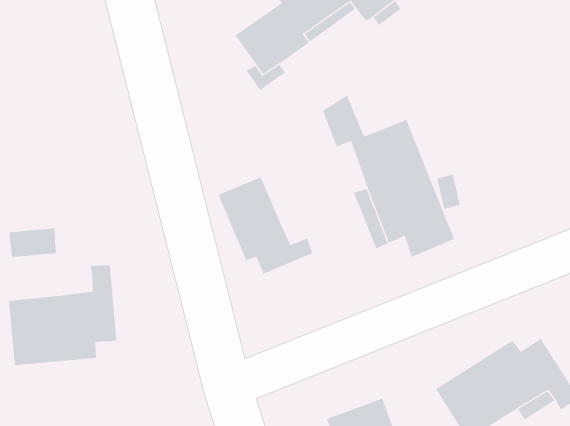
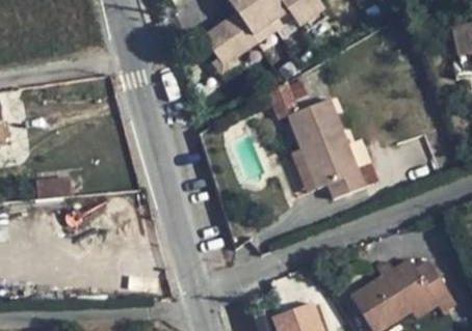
building: [218,177,313,274] -> none
building: [9,264,117,366] -> none

